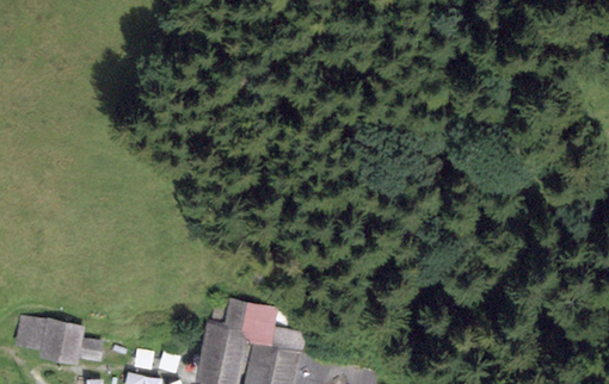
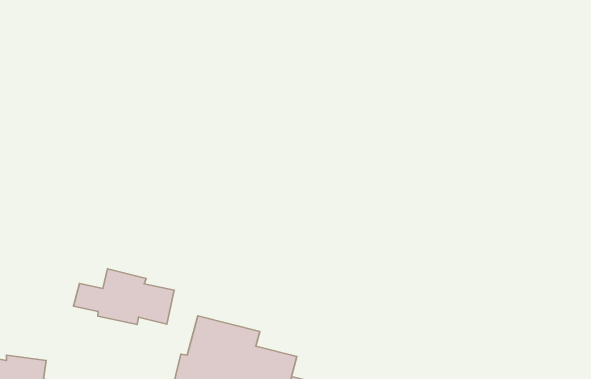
building: none -> [74,269,174,324]

